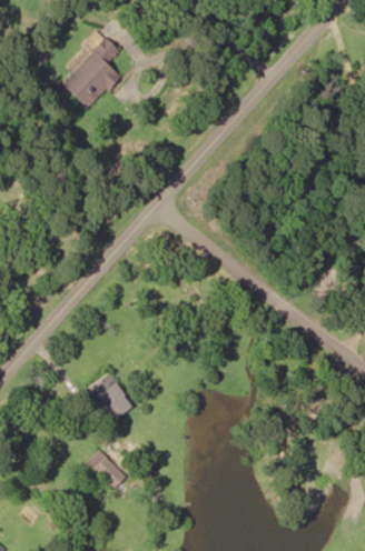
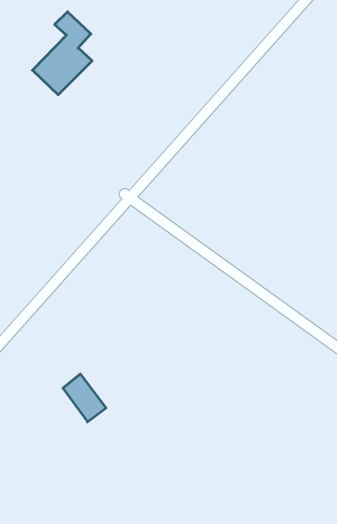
building: [88,450,126,489] -> none

